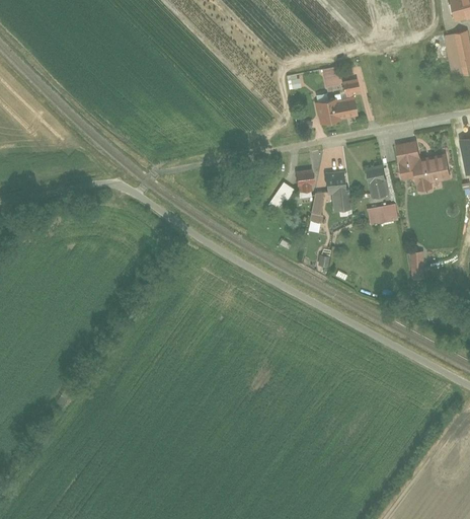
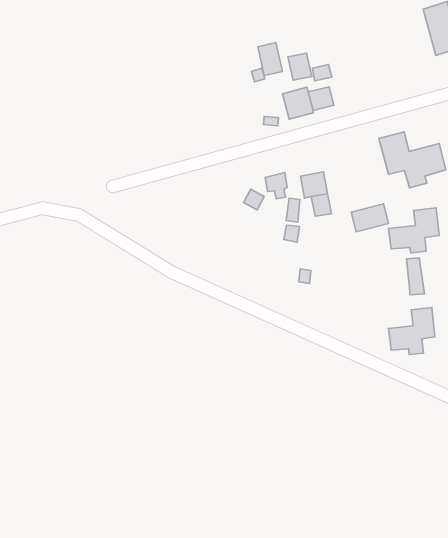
building: none -> [258,43,282,76]
building: [366,164,389,197] -> none
building: none -> [389,208,439,253]
building: none -> [388,307,435,355]

